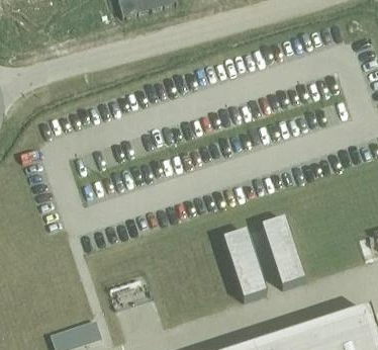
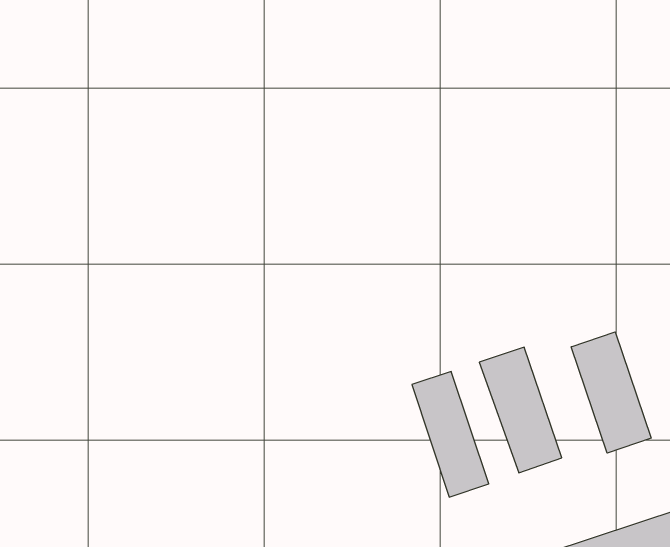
building: none -> [571,332,651,453]

